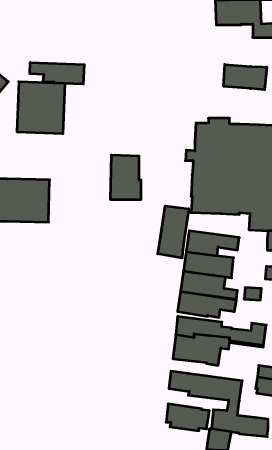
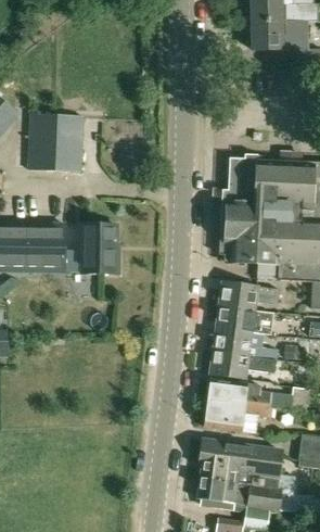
building: [30,62,84,84] -> none
building: [224,64,267,90] -> none
building: [110,155,141,199] -> [81,223,116,273]
building: [158,206,189,258] -> none
building: none -> [199,459,267,485]

